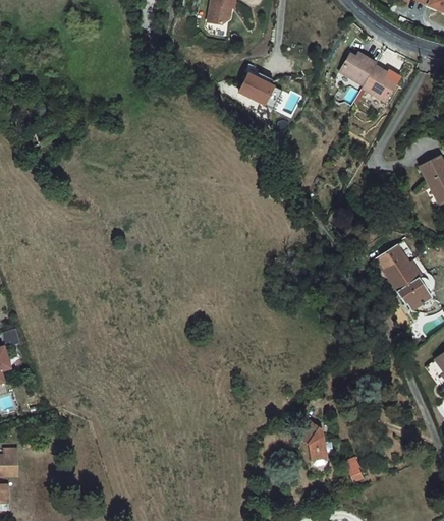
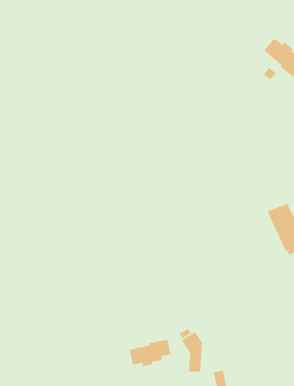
building: [239,72,281,106] -> none
building: none -> [129,339,171,367]

